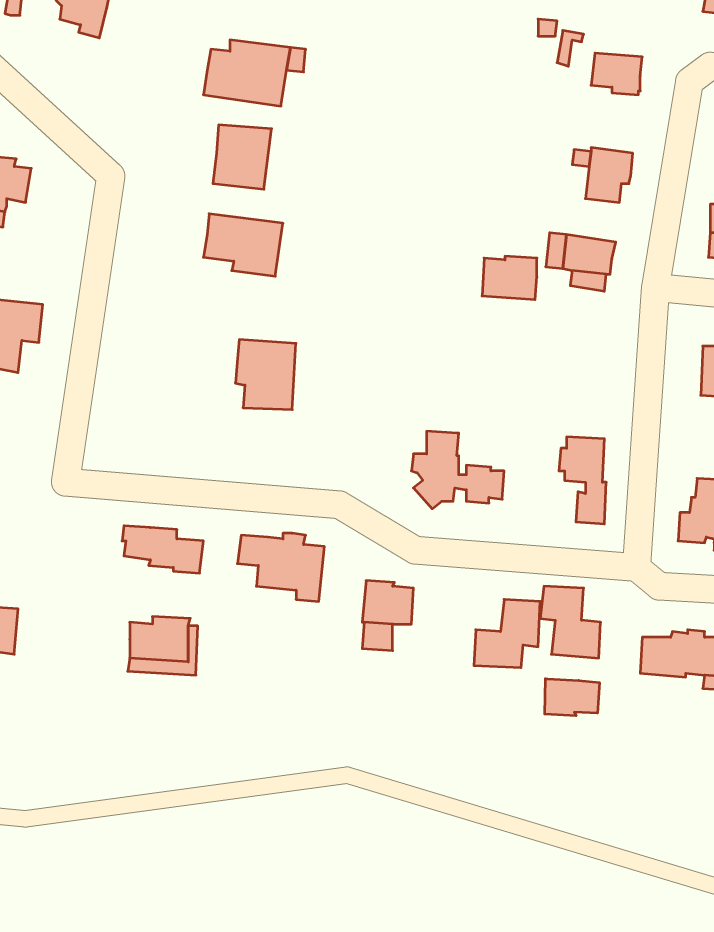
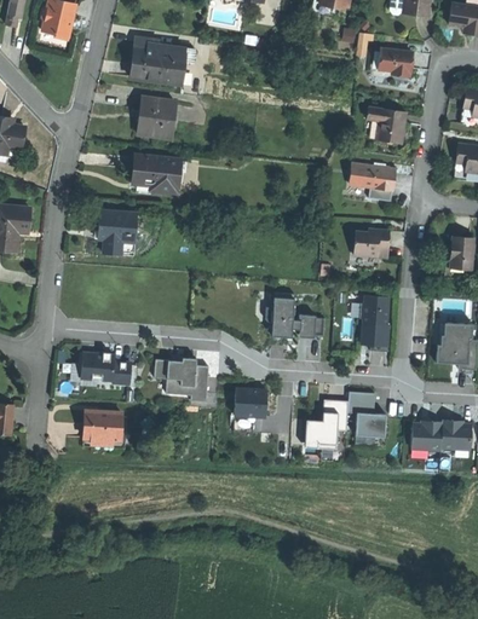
building: [482,256,537,300] -> [353,231,388,259]
building: [235,340,296,410] -> [99,209,138,254]
building: [545,679,599,716] -> none

